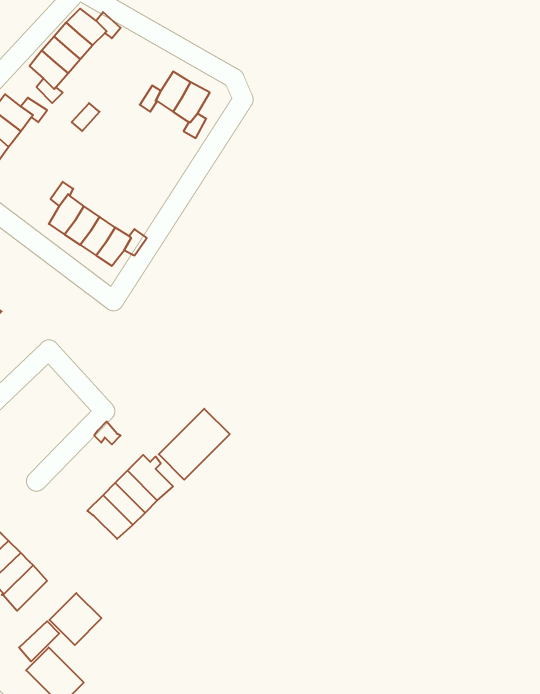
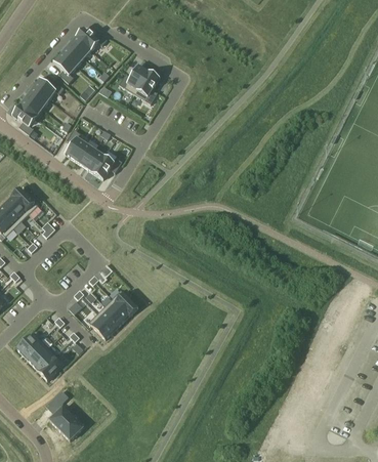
building: [159,409,230,480] -> none
building: [49,593,101,645] -> none

